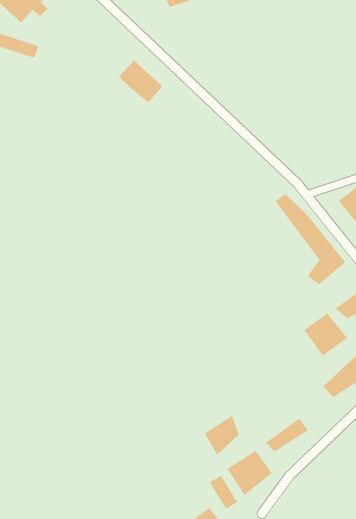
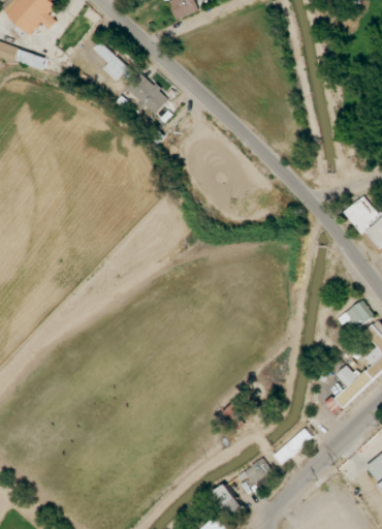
building: none -> [92,41,134,82]
building: [275,193,346,285] -> none
building: [304,312,348,357] -> none
building: [204,415,239,455] -> none

